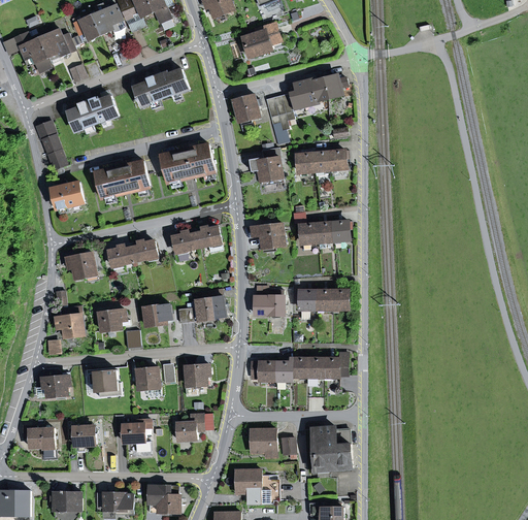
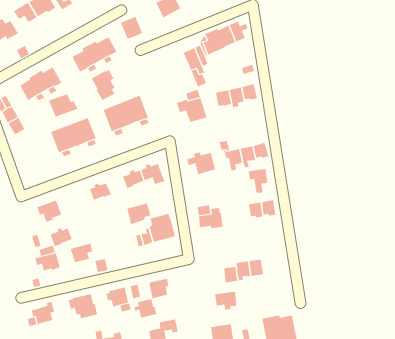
building: [233,95,258,121] -> [120,16,143,39]
building: none -> [91,69,115,101]
building: none -> [48,93,78,118]
building: [52,182,82,208] -> none
building: [108,245,134,266] -> [50,227,72,247]
building: [294,291,316,319] -> [248,169,268,193]
building: [143,303,171,326] -> [126,203,151,225]
building: [322,353,346,377] -> none
building: [250,362,275,383] -> [214,291,237,310]
building: none -> [134,298,157,318]

